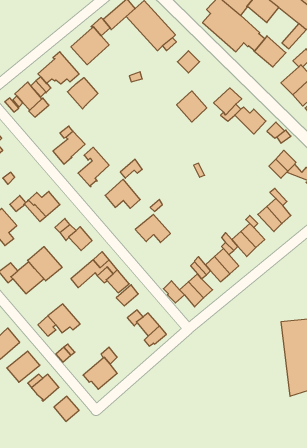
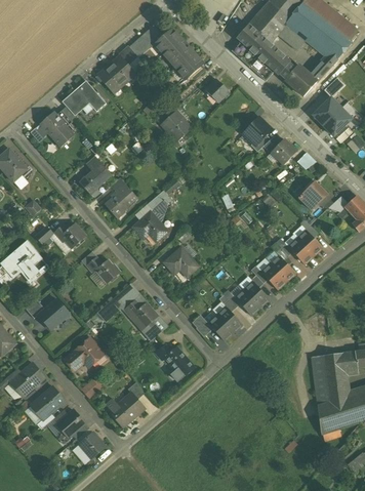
building: [67,78,98,109] -> none
building: [177,91,207,122] -> [161,110,192,141]
building: [28,247,62,281] -> none

